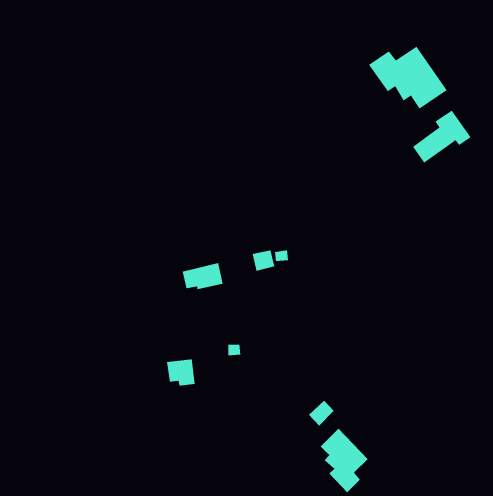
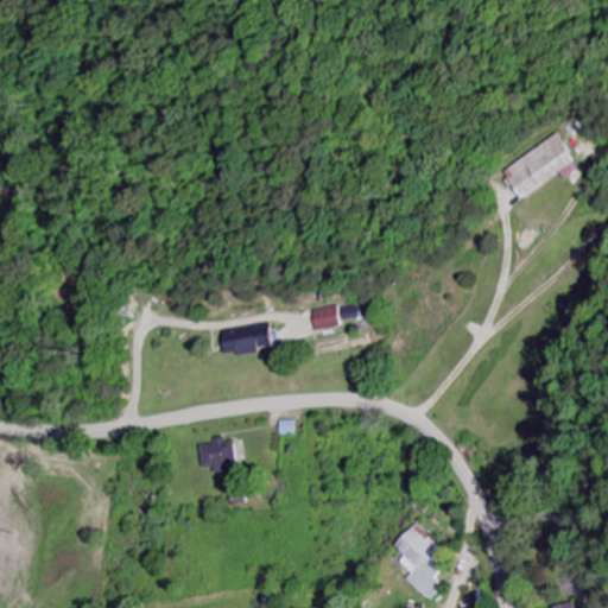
building: [368,46,448,109] -> none
building: [308,400,335,426] -> none

